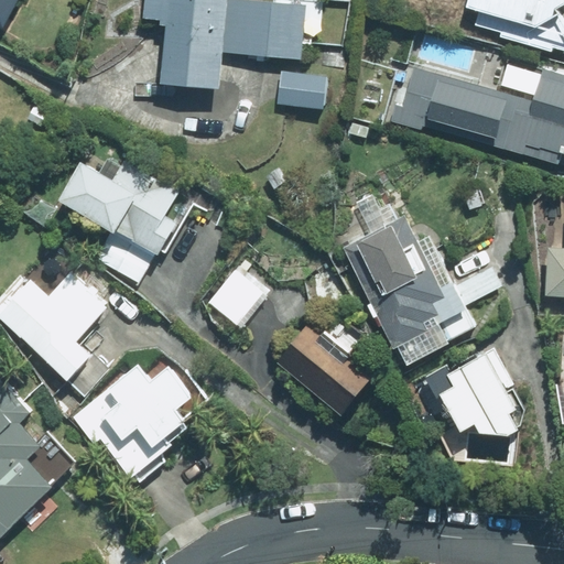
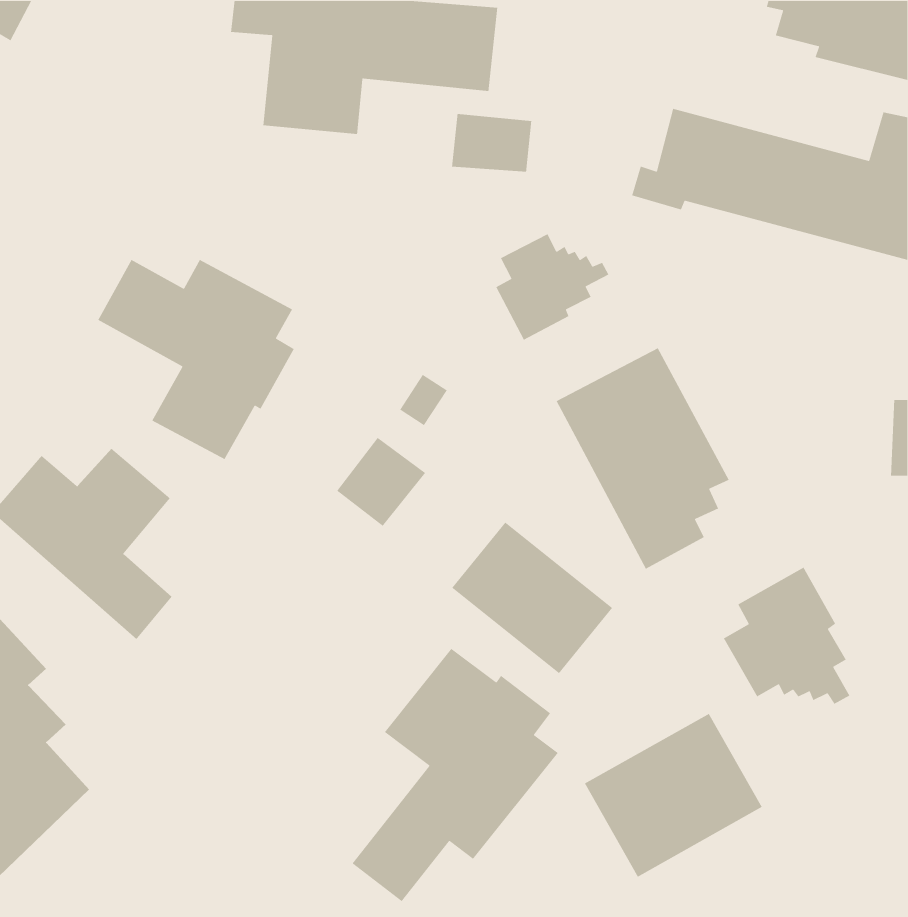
building: none -> [495,233,609,341]
building: [73,361,206,476] -> none
building: none -> [352,648,559,902]
building: none -> [584,713,763,878]

